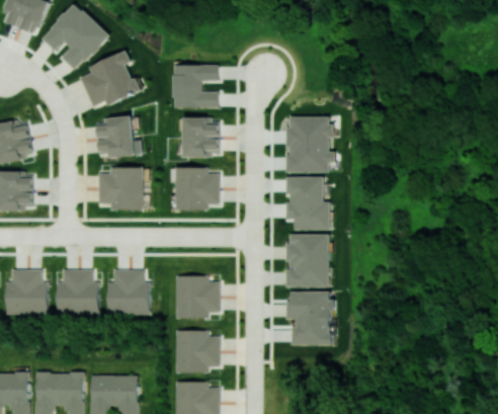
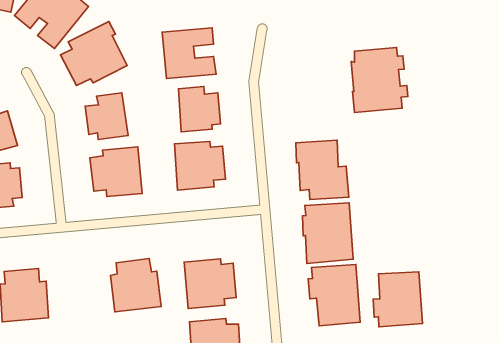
building: [285,116,335,172] -> [351,47,408,112]
building: [57,269,99,315] -> none
building: none -> [373,272,423,327]

